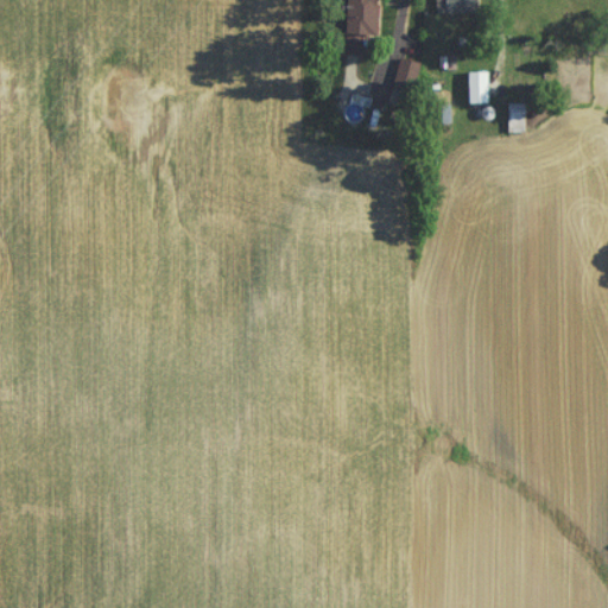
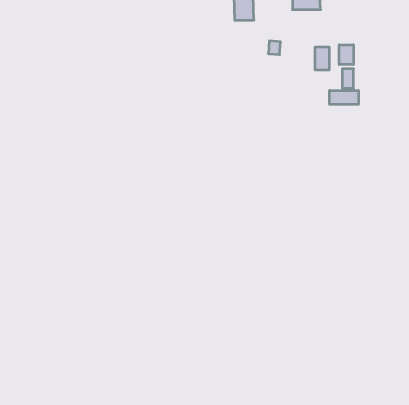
building: none -> [339,45,353,65]
building: none -> [330,90,358,104]

